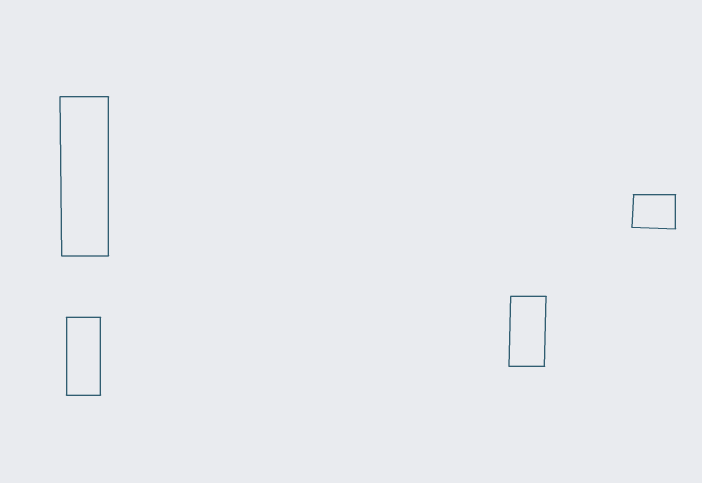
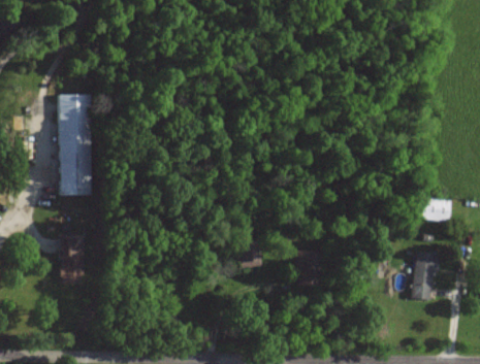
building: [632,195,676,229] -> [422,200,450,222]
building: [509,297,546,366] -> [413,254,437,298]

